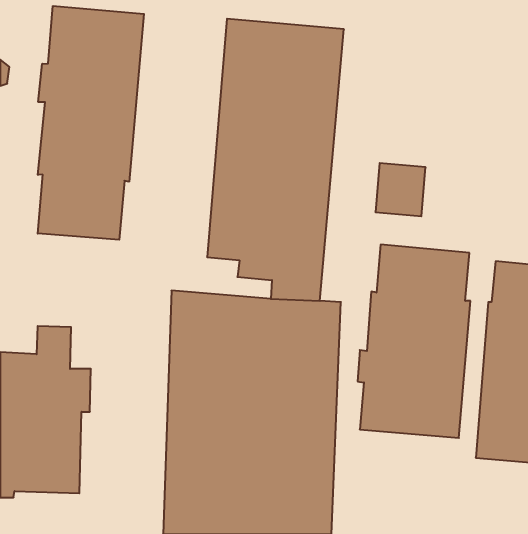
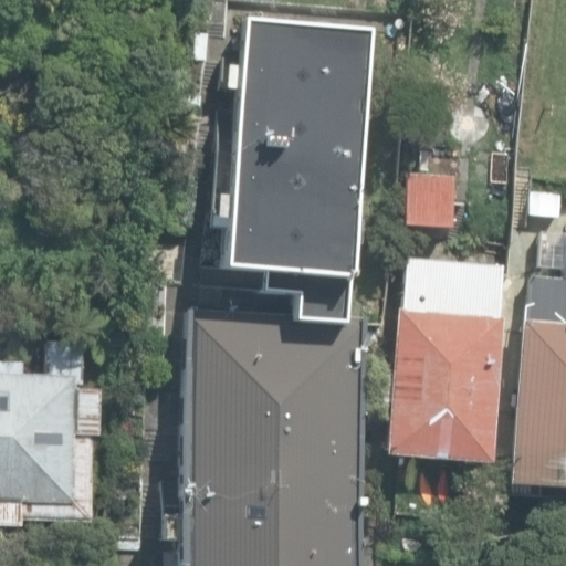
building: [38,6,144,240] -> none

